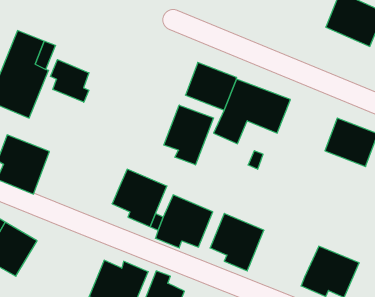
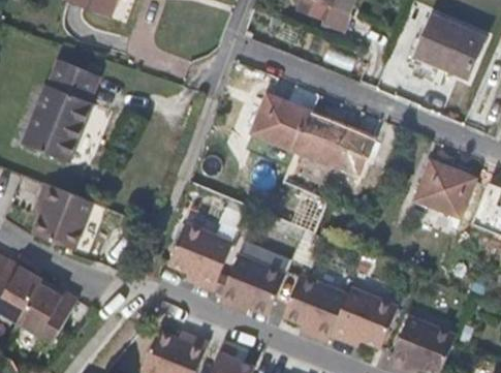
building: [51,60,89,102] -> none
building: [164,105,214,165] -> none
building: none -> [327,286,397,346]

